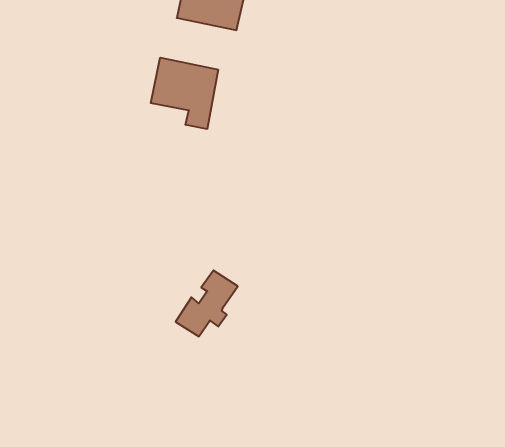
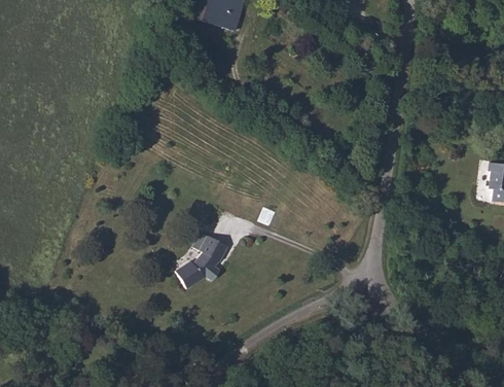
building: [151,58,218,129] -> none

